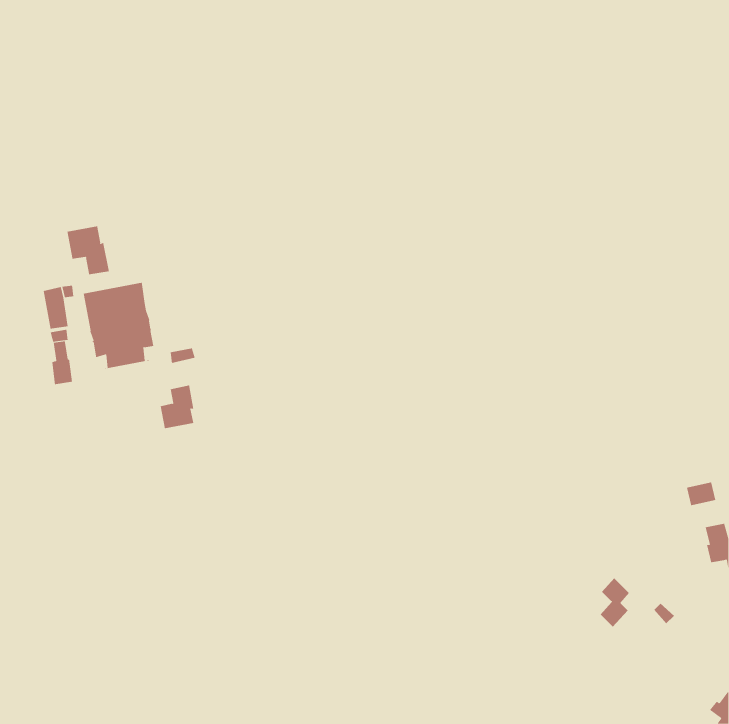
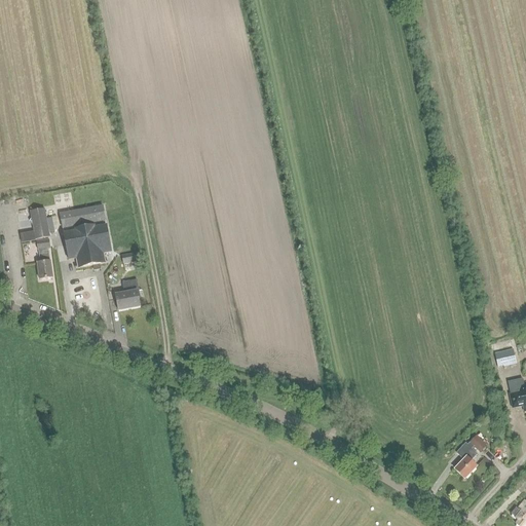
building: [67,226,109,275] -> none
building: [600,578,630,627] -> [455,441,477,477]

